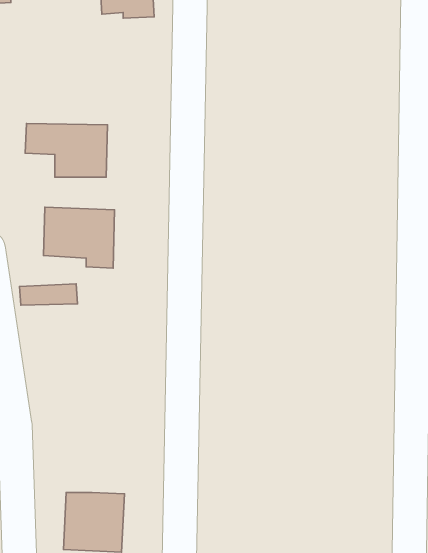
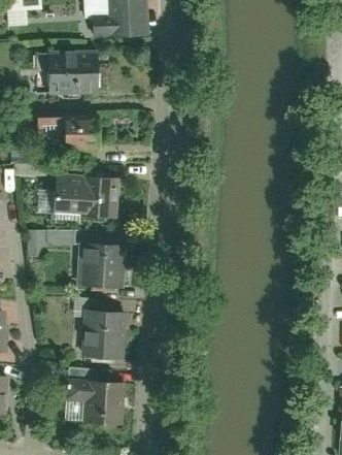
building: none -> [50,55,104,90]
building: none -> [82,243,114,289]
building: none -> [84,313,116,358]

